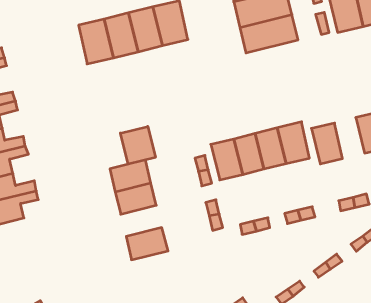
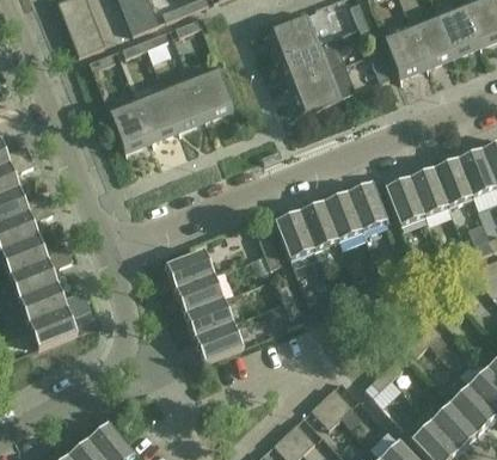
building: none -> [409,170,447,217]
building: [120,126,155,164] -> none
building: none -> [184,299,232,338]

